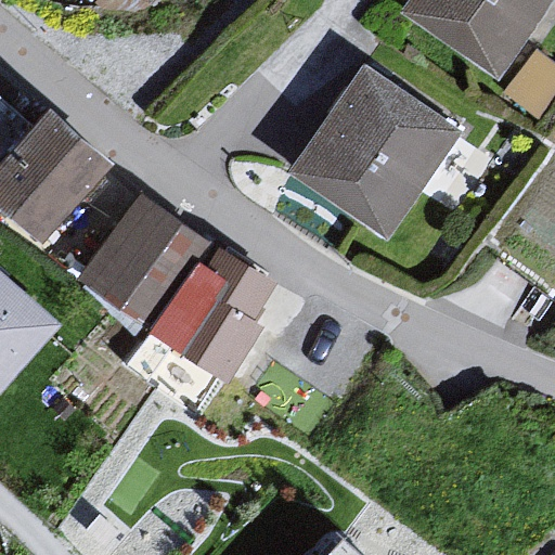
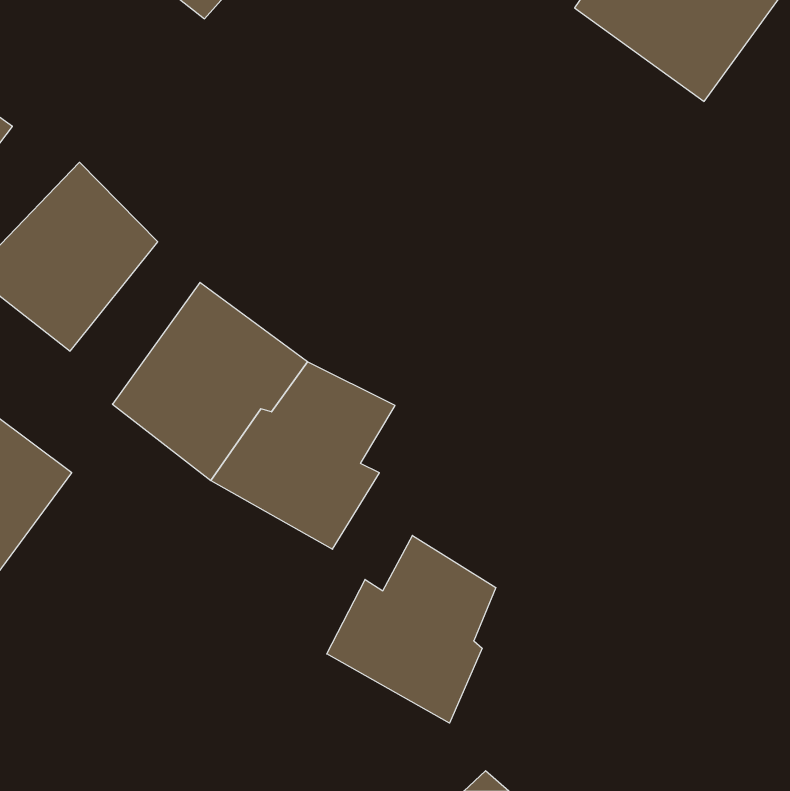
building: [292,69,446,228] -> none
building: none -> [327,535,496,723]

